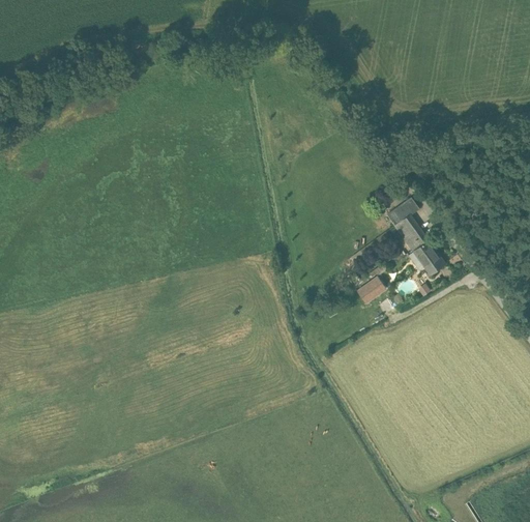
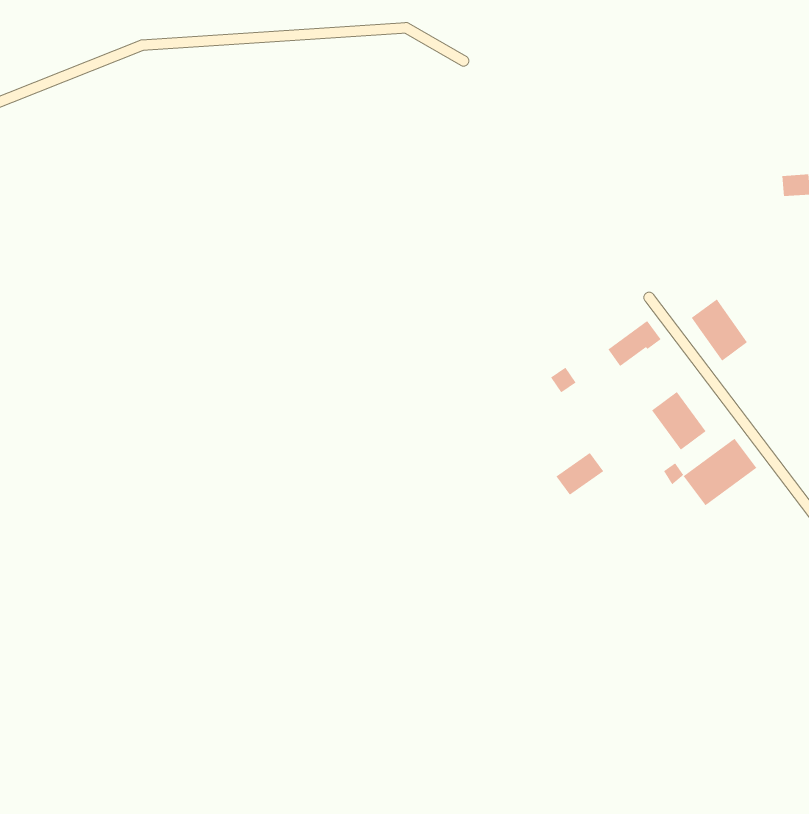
building: [393,215,428,253] -> [691,299,748,361]
building: none -> [683,438,757,506]

